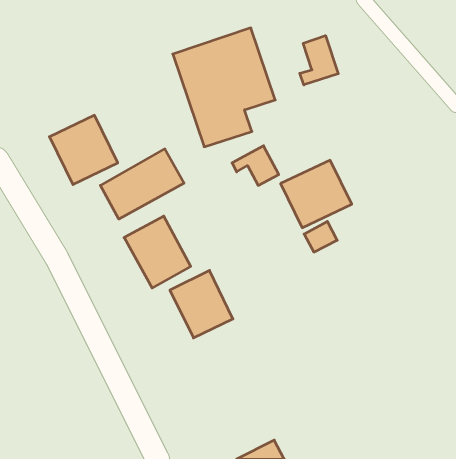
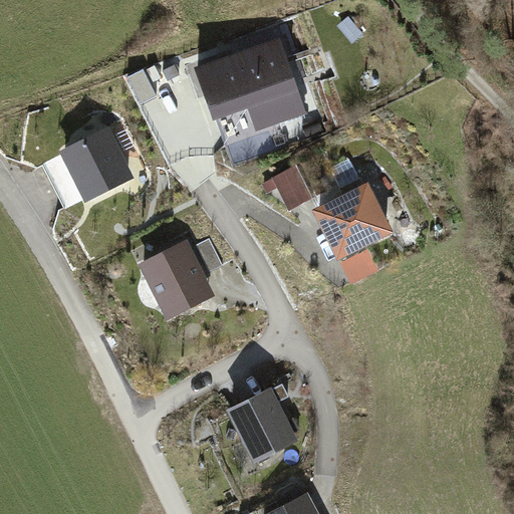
building: [300,36,338,85] -> none
building: [100,149,184,219] -> none
building: [170,270,233,338] -> [222,392,292,467]

